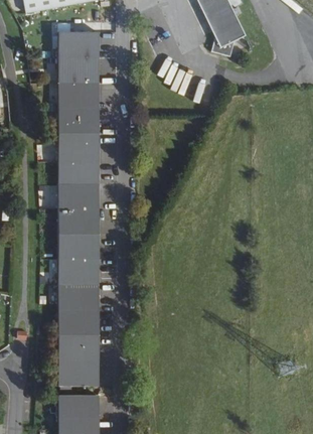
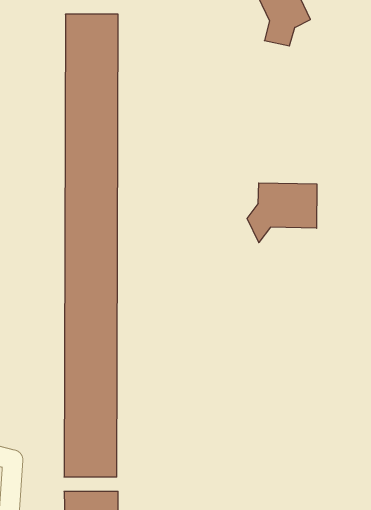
building: none -> [247,183,317,243]

